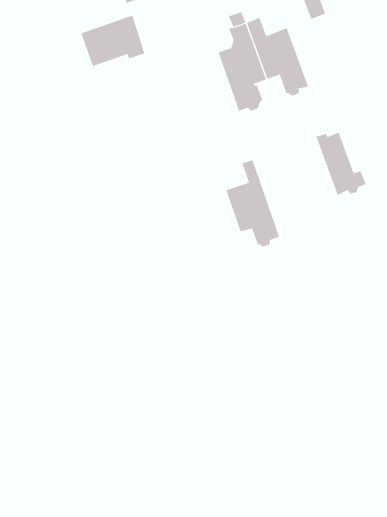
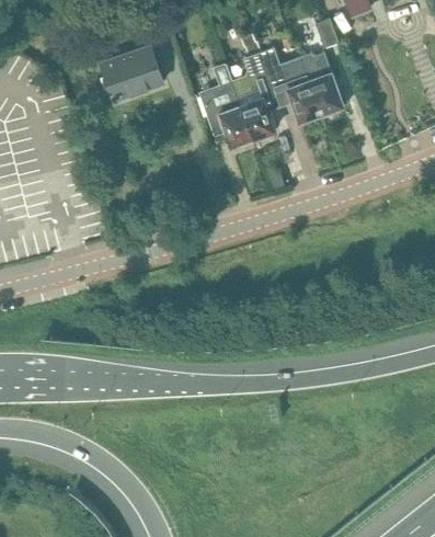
building: [315,132,367,195] -> [299,53,348,114]
building: [226,160,280,247] -> [199,64,252,148]

